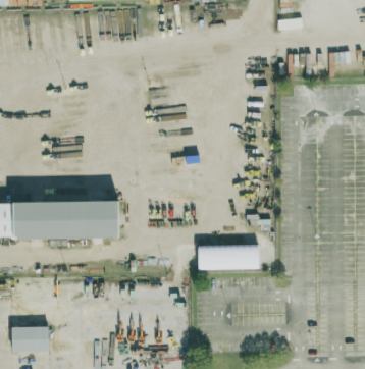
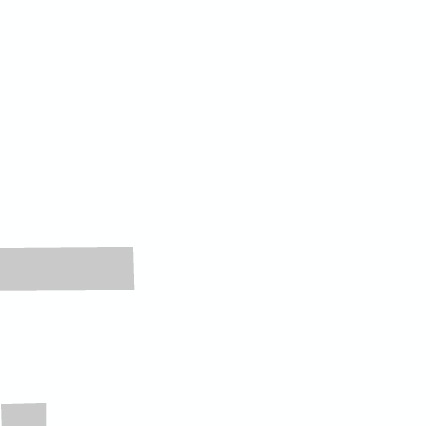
building: [198,245,258,270] -> none

